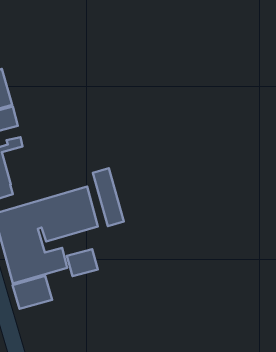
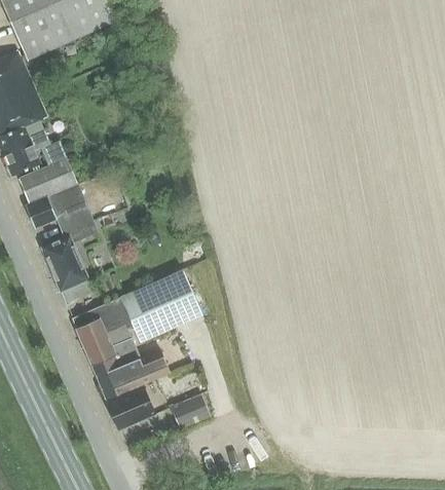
building: [93,168,124,226] -> none
building: [67,249,98,276] -> [171,392,211,428]

